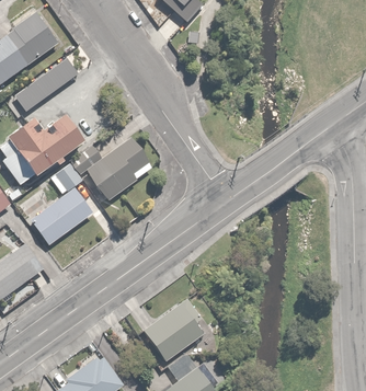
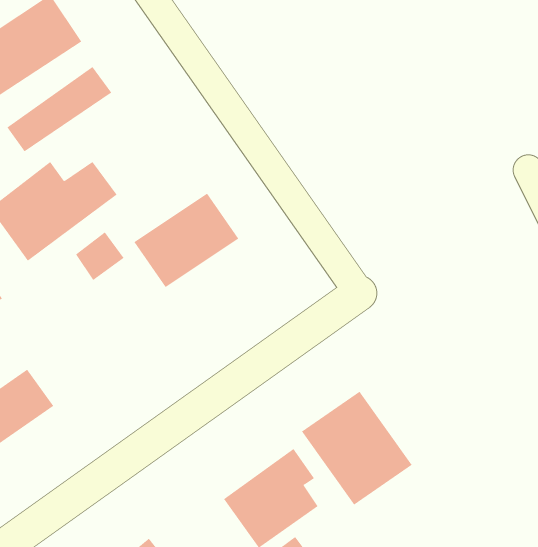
building: [33,188,94,243] -> none
building: none -> [301,391,413,505]

